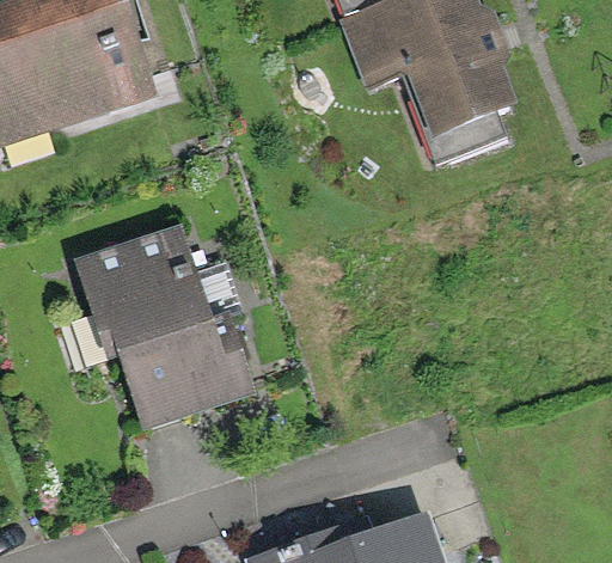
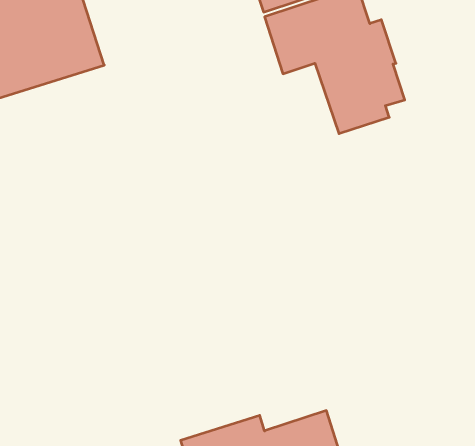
building: [73,238,258,451] -> none

